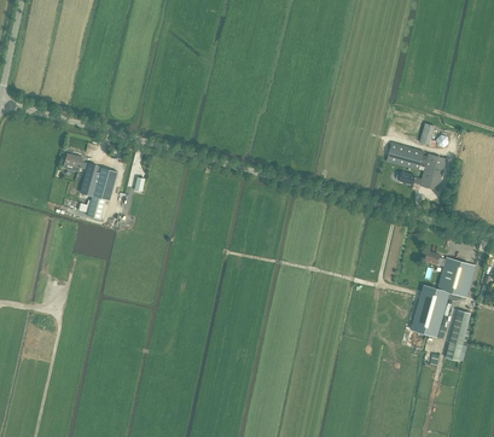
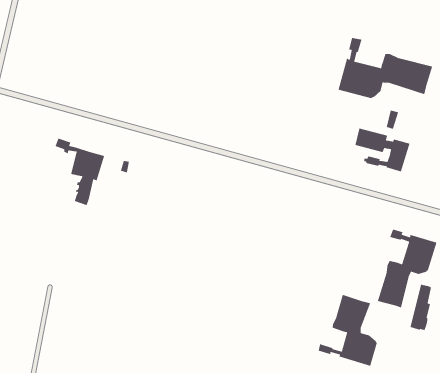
building: none -> [337,37,433,99]
building: none -> [318,294,378,367]

